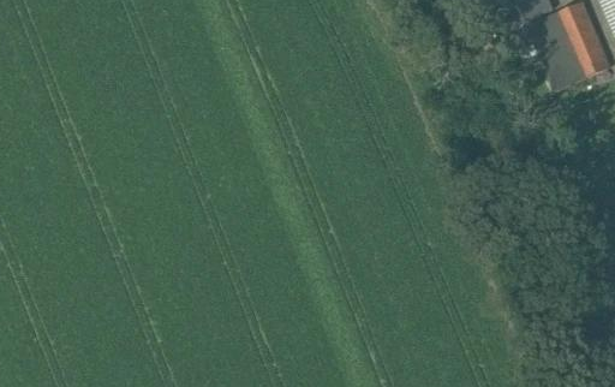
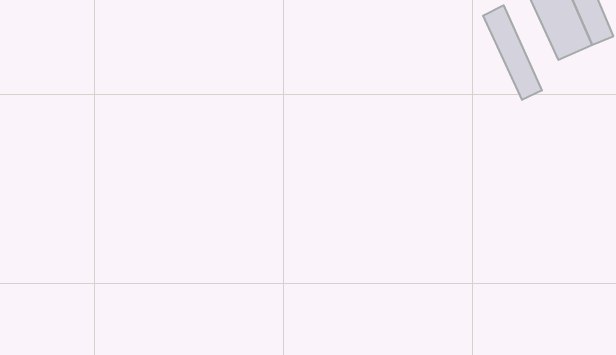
building: none -> [483,5,542,100]

